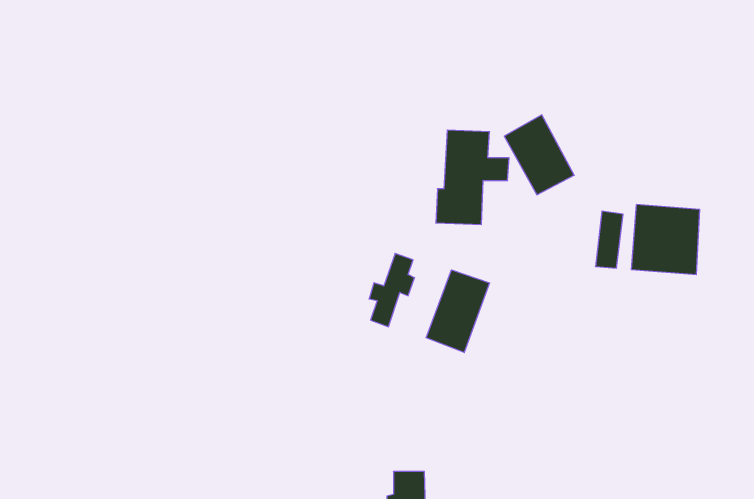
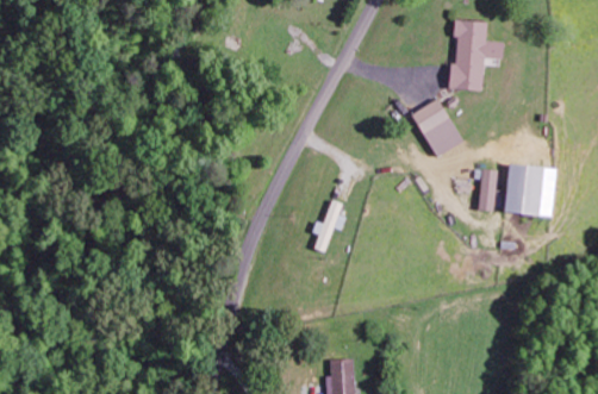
building: [436,130,509,225] -> [448,21,502,90]
building: [426,270,490,353] -> none

